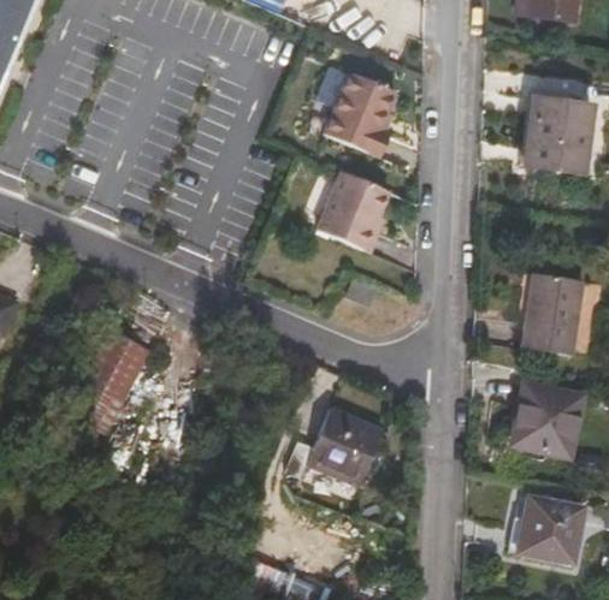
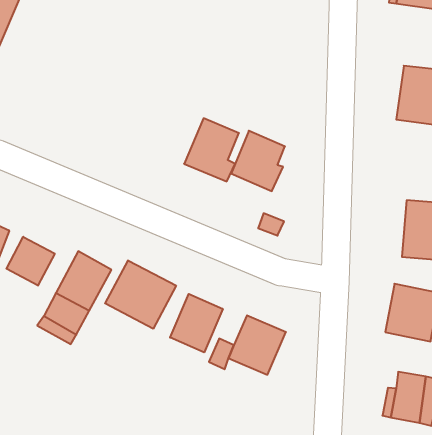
building: [315,82,386,164] -> [184,118,239,181]
building: none -> [6,237,55,286]
building: none -> [105,260,176,329]
building: none -> [170,294,223,352]

